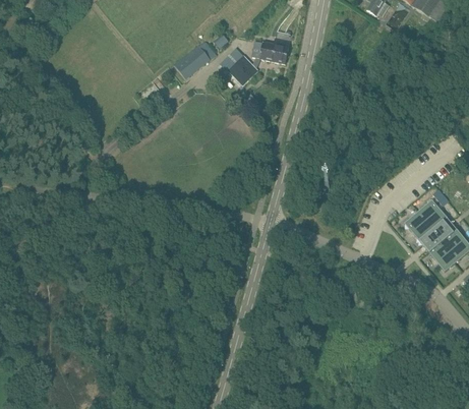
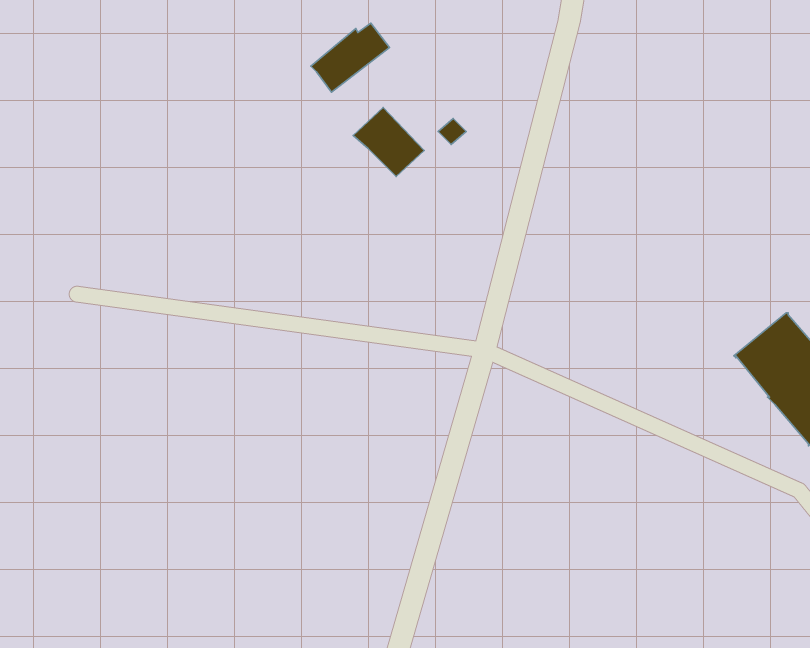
building: [252,38,290,63] -> none
building: [220,48,258,85] -> [353,107,424,177]

